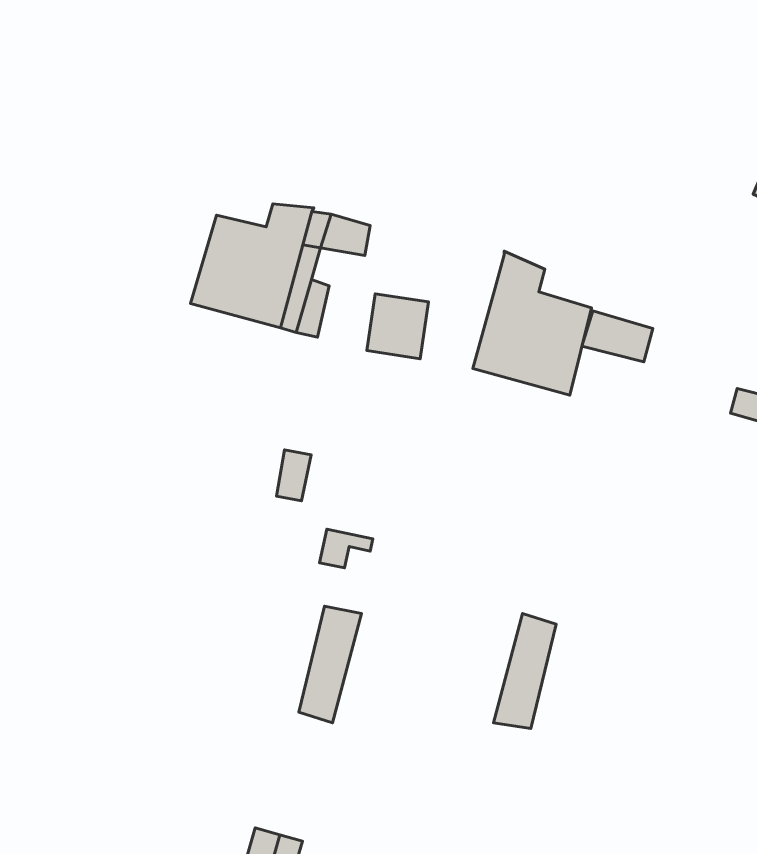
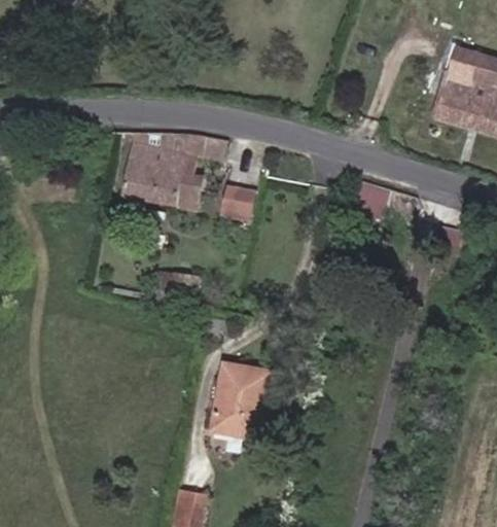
building: [473,251,591,395] -> none
building: [493,614,556,729] -> [218,367,251,433]

